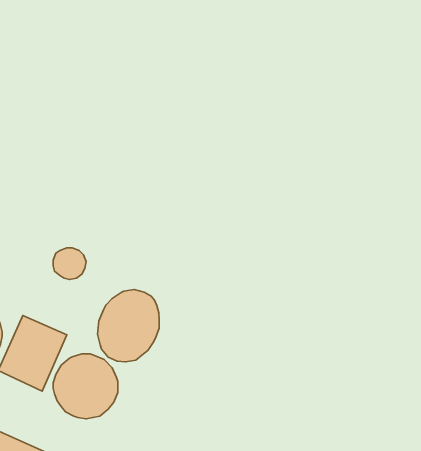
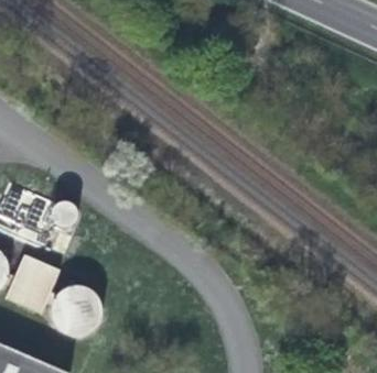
building: [98,289,159,362] -> none

